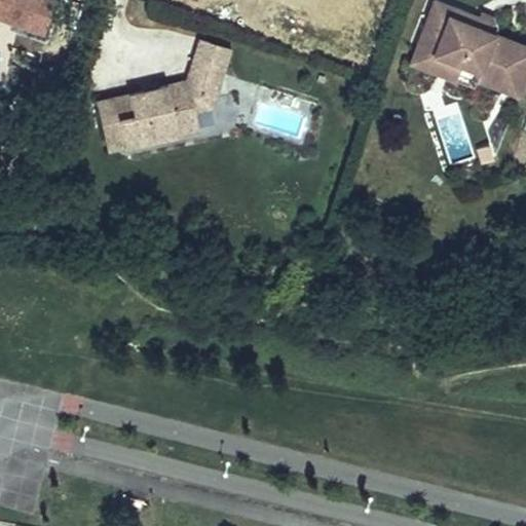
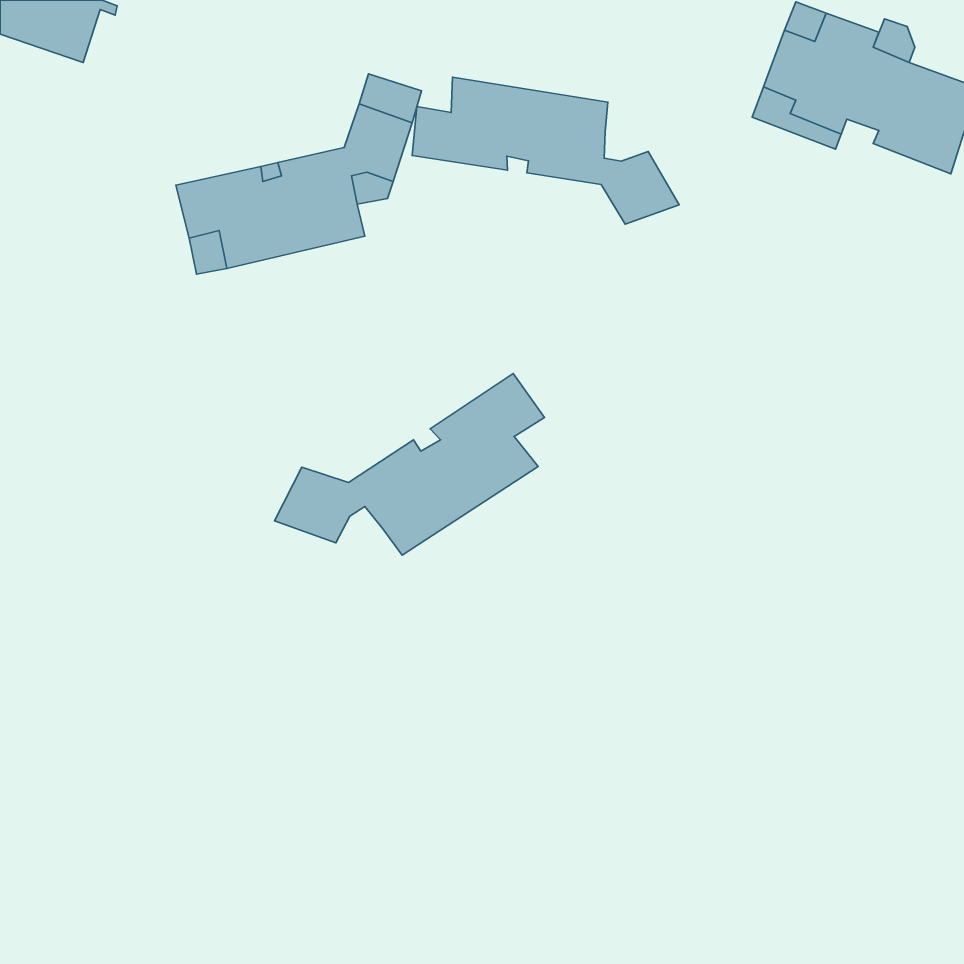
building: none -> [412,77,679,224]
building: none -> [275,373,544,555]

